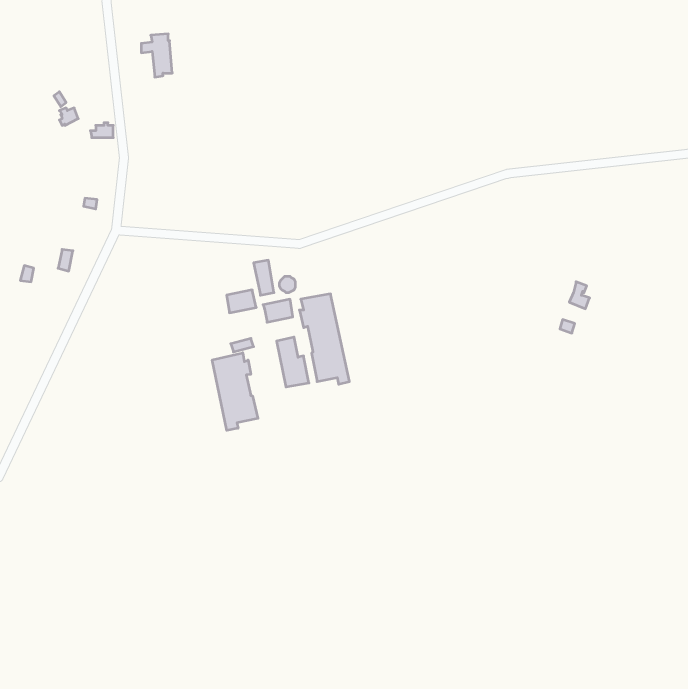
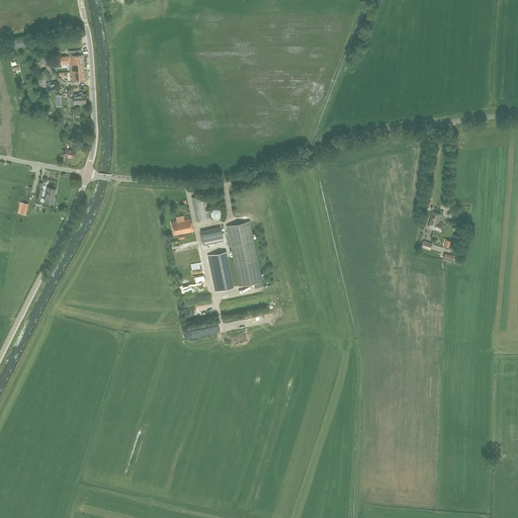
building: [141,34,172,77] -> [60,50,83,82]
building: [212,353,258,430] -> none

